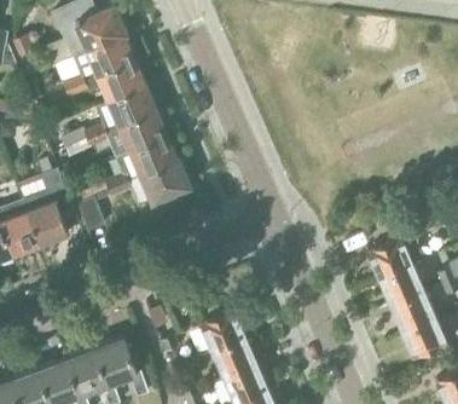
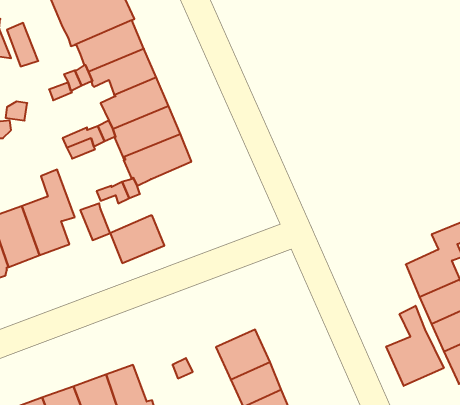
building: [140,158,189,201] -> [110,216,164,263]
building: none -> [386,306,444,386]

